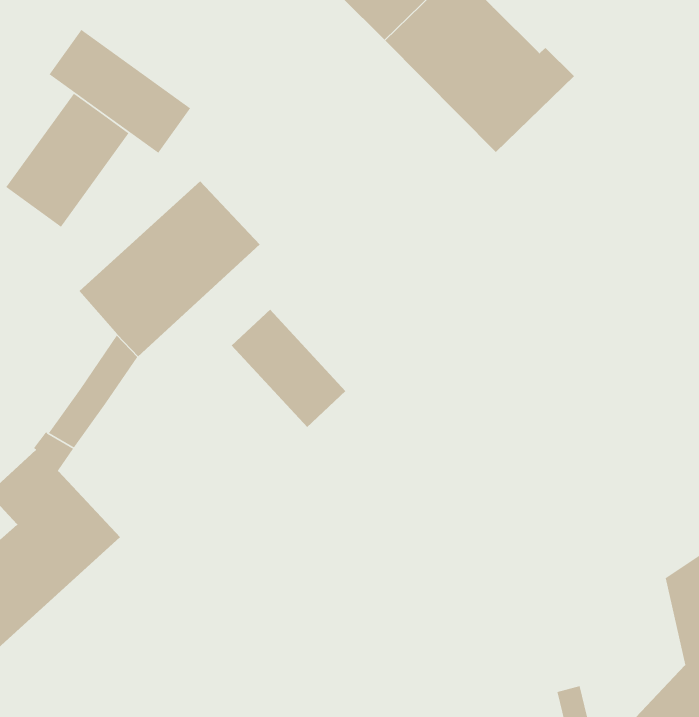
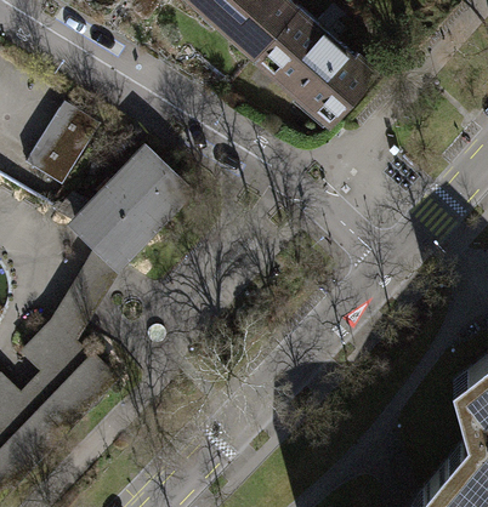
building: [49,29,191,154] -> none
building: [231,309,346,428] -> none

